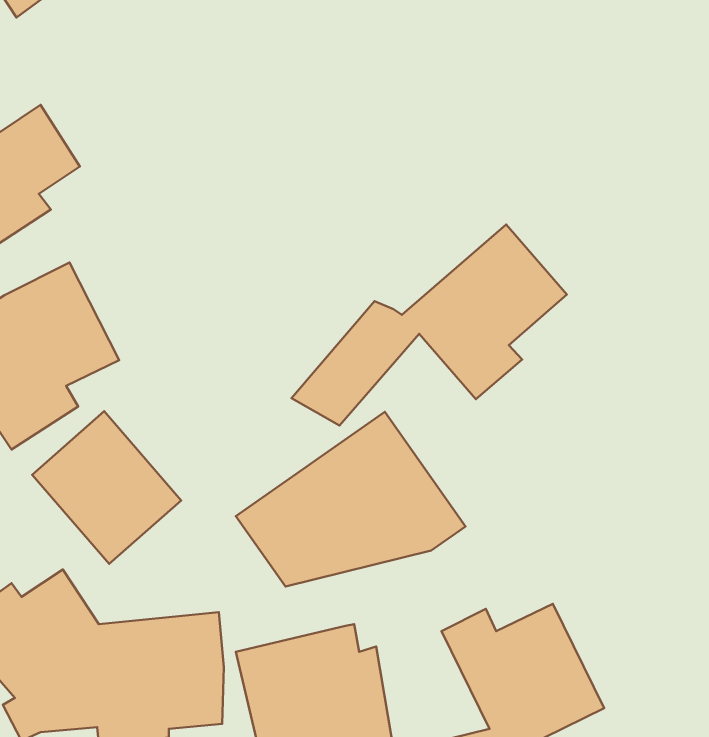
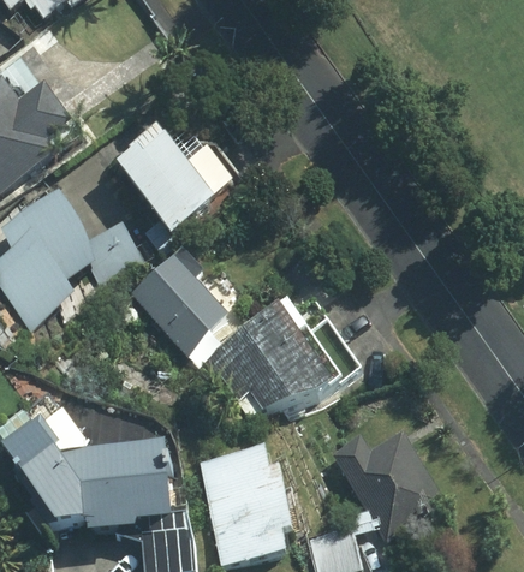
building: none -> [118,125,221,234]
building: [292,224,567,426] -> none
building: [32,411,181,564] -> [124,252,228,359]

